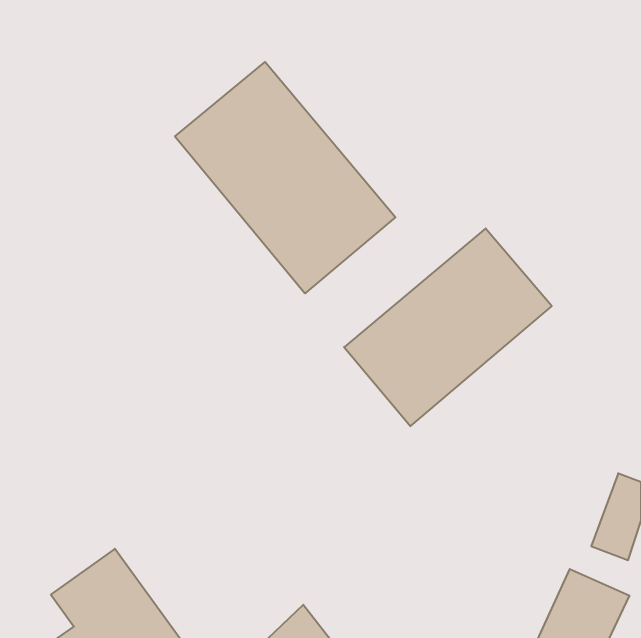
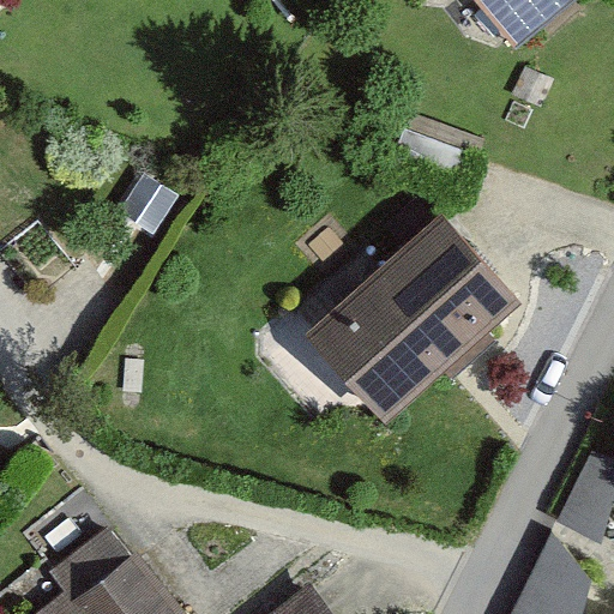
building: [175,62,395,293] -> none

